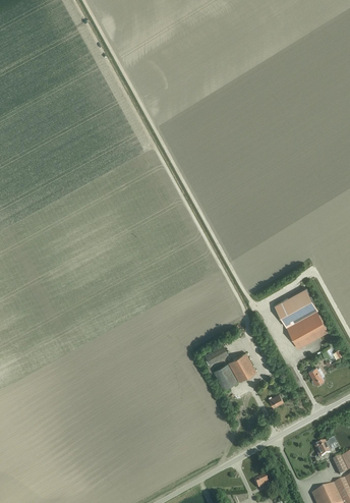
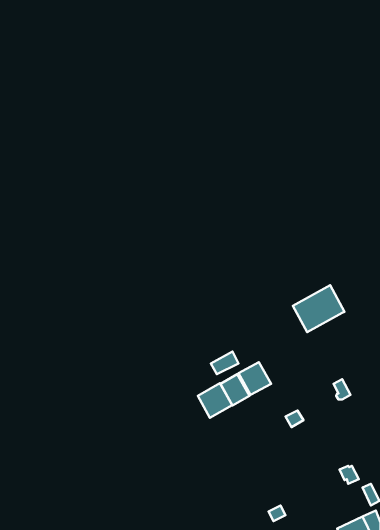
building: [287,312,328,348] -> none
building: none -> [198,383,232,418]

